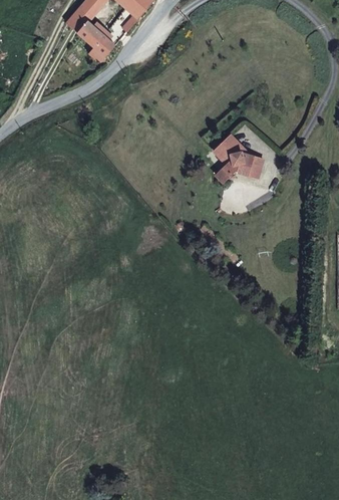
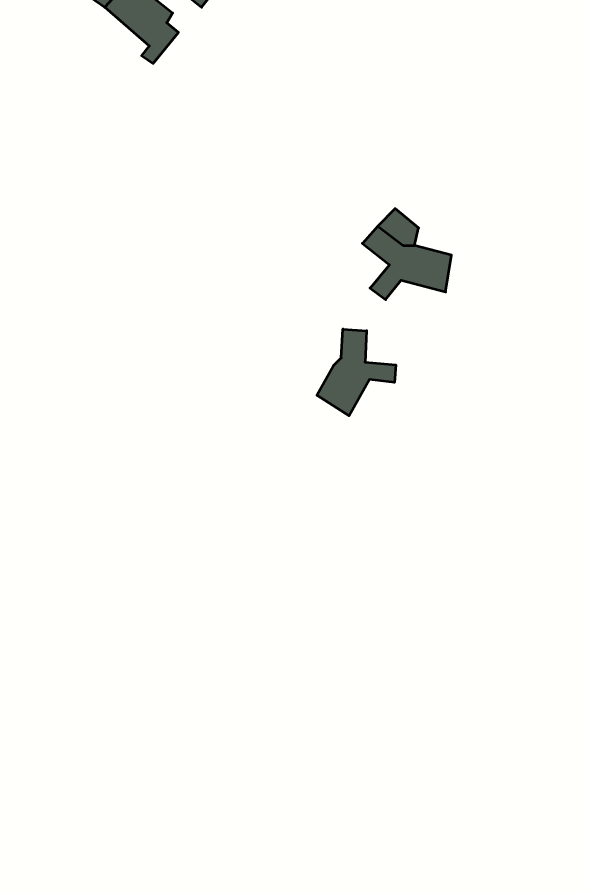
building: none -> [317,329,396,416]

